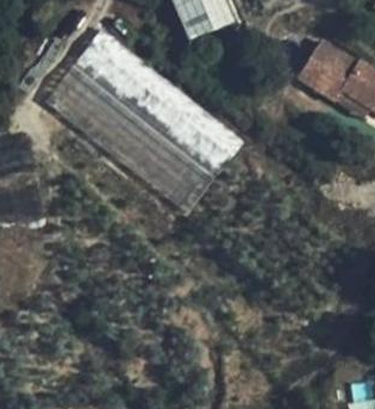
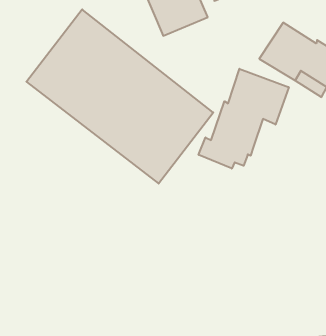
building: none -> [199,69,289,169]

